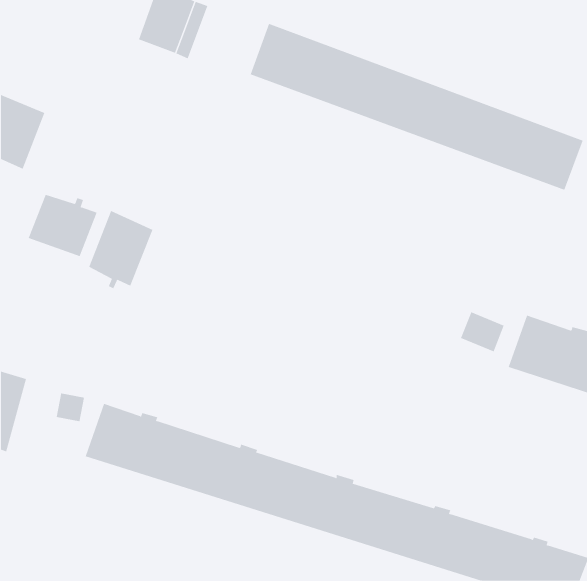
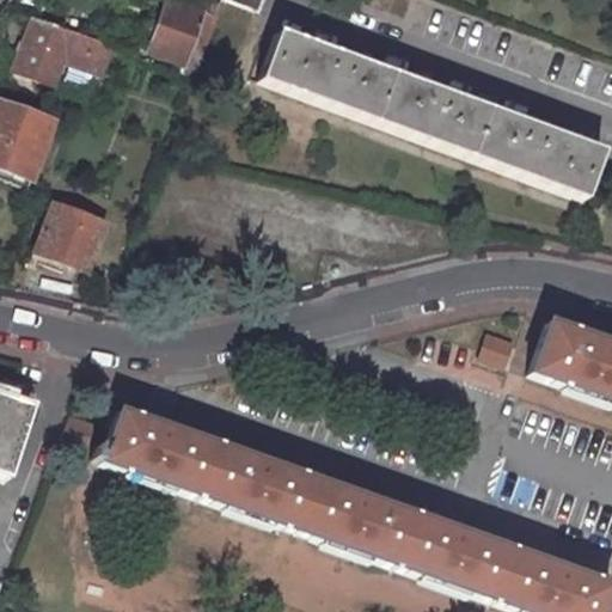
building: none -> [18,8,109,69]
building: [88,210,153,289] -> none

